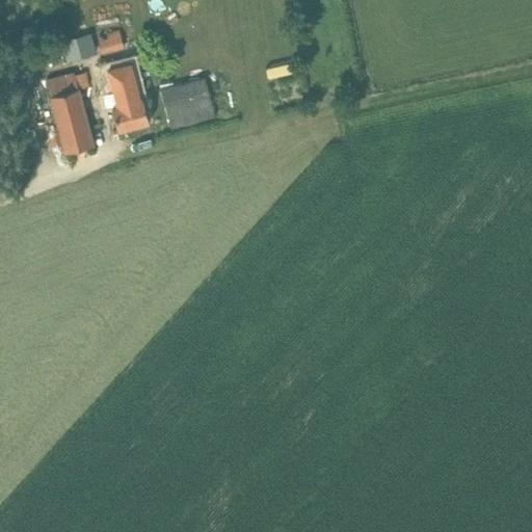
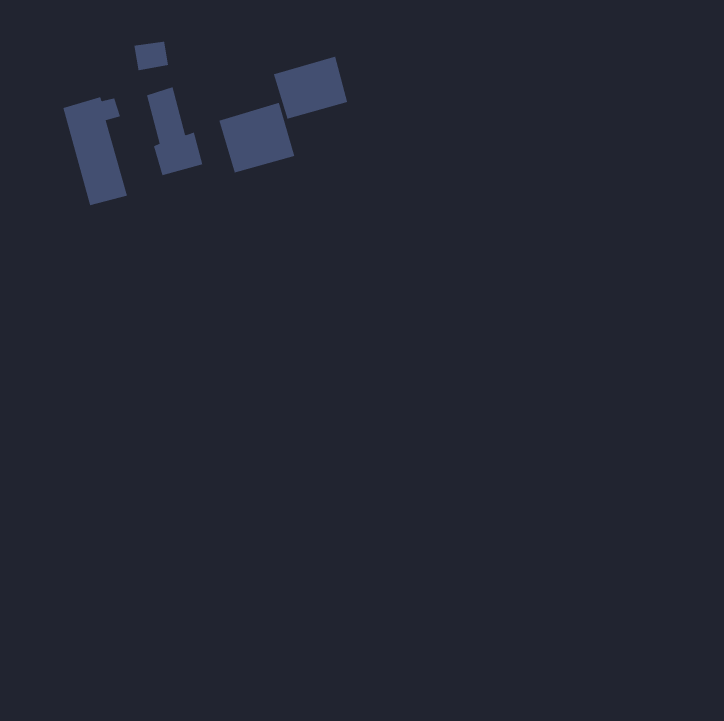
building: [60,33,97,62] -> none
building: none -> [273,56,348,120]

